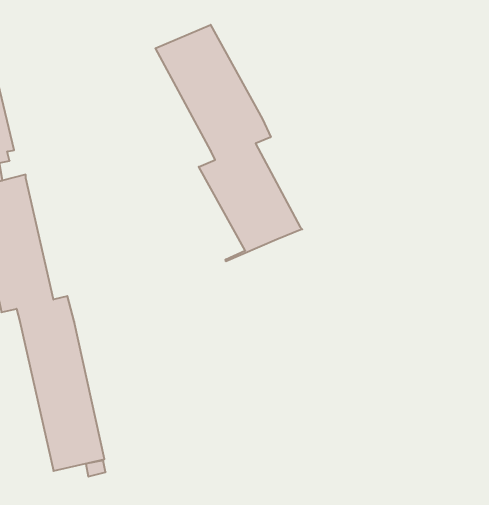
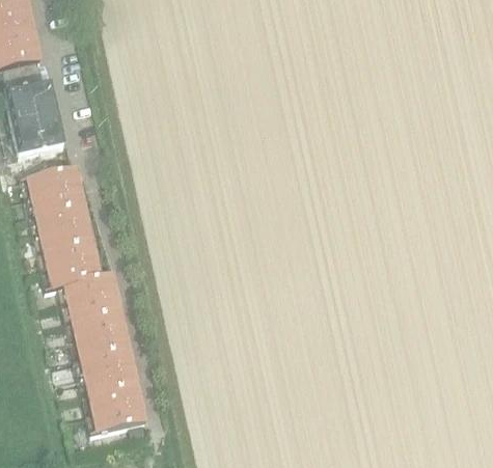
building: [155,25,302,261] -> none

